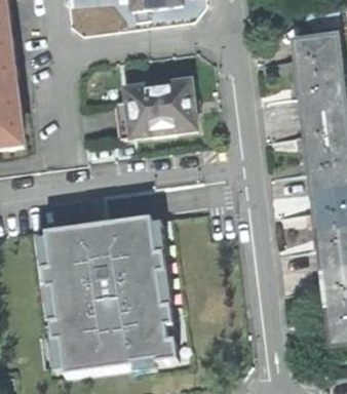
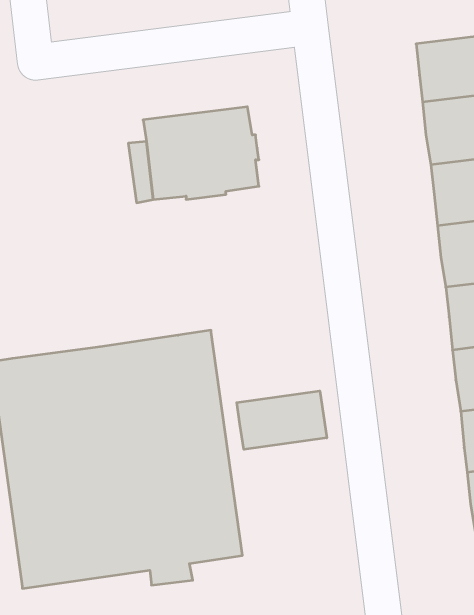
building: none -> [237,391,327,449]

